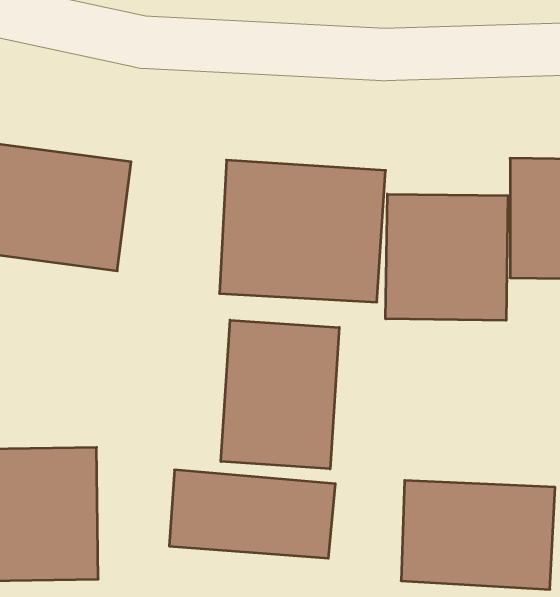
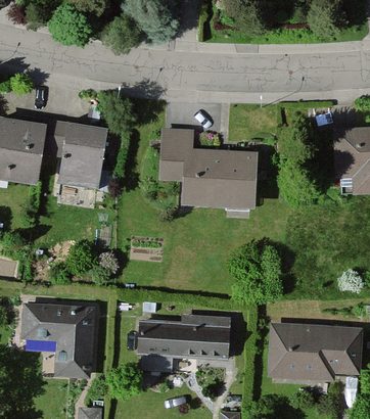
building: [386,194,508,320] -> none
building: [221,320,339,469] -> none

